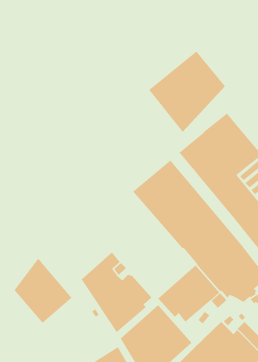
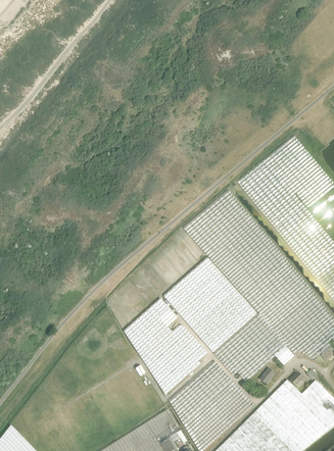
building: [148,50,226,133] -> none
building: none -> [163,258,257,353]
building: [13,258,73,324] -> none

